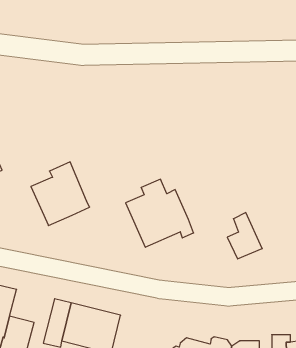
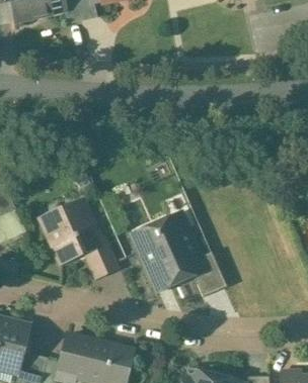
building: none -> [83,235,115,276]
building: [227,213,262,259] -> [191,250,226,295]

